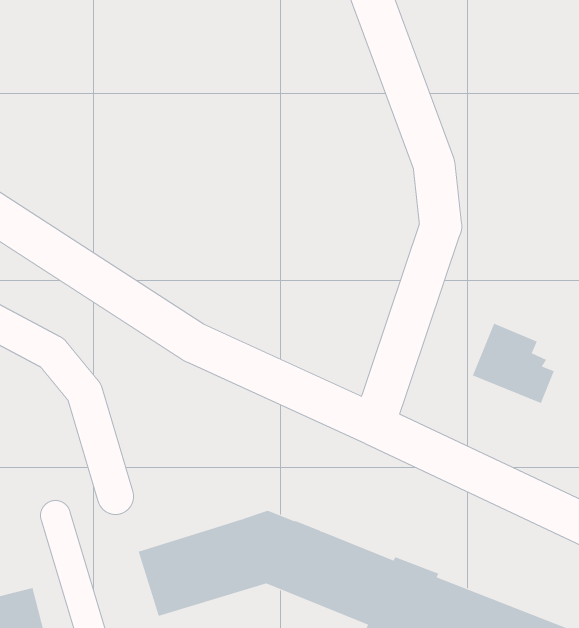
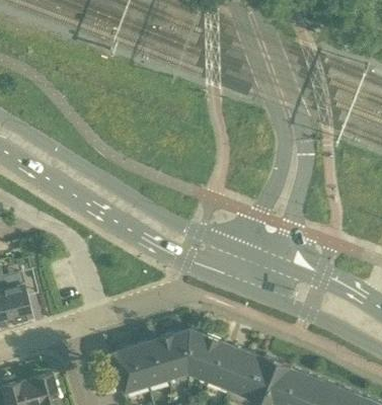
building: [472,323,554,404] -> none

